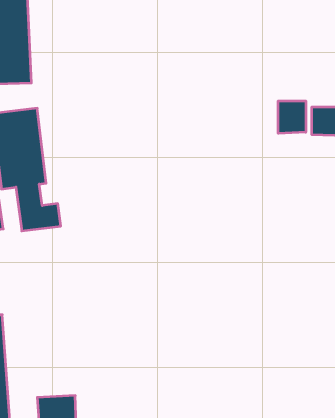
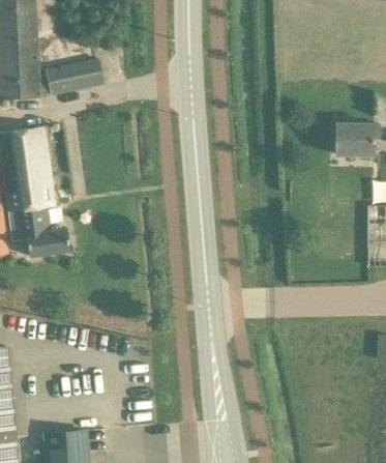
building: none -> [46,58,103,94]
building: [278,101,306,133] -> none

